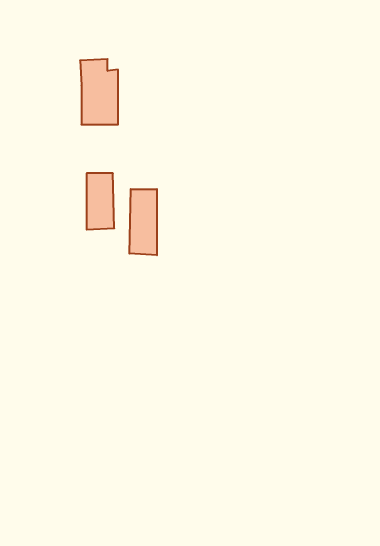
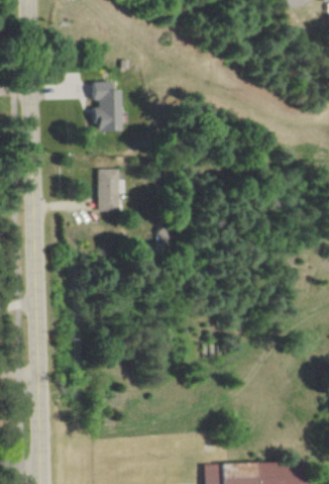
building: [129,189,157,255] -> none

